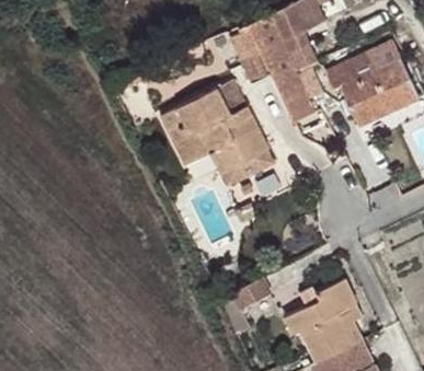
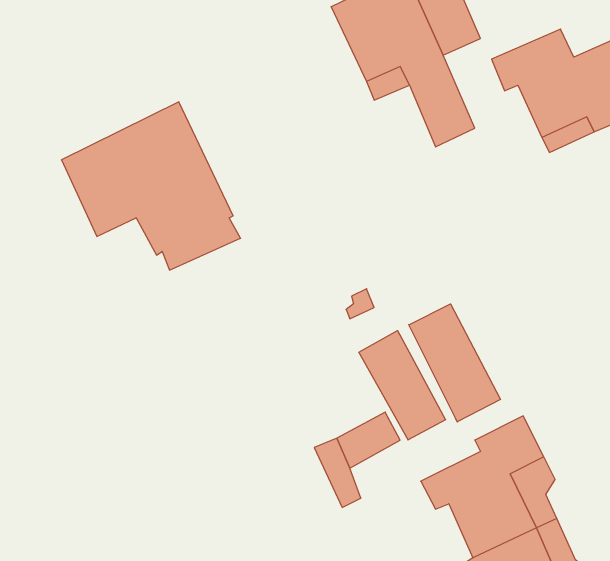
building: [165,82,271,181] -> [61,102,241,270]
building: none -> [409,304,500,422]
building: none -> [359,331,446,440]

